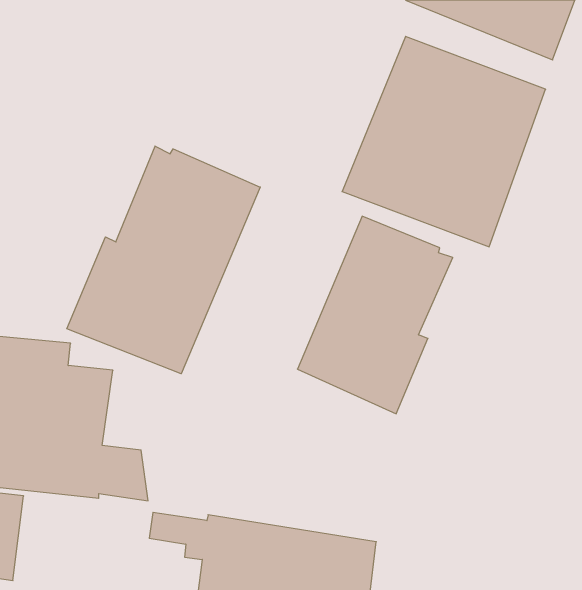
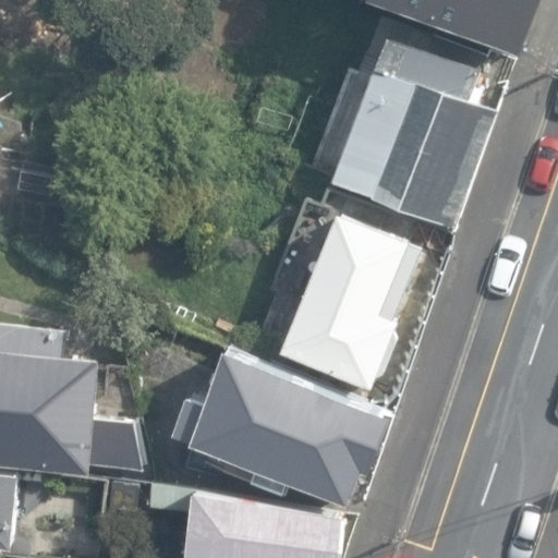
building: [67,146,260,374] -> none
building: none -> [168,340,398,505]

